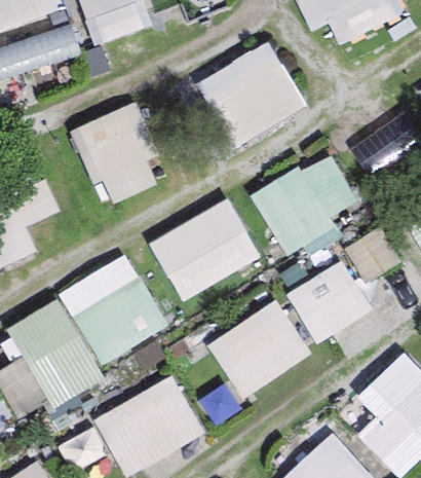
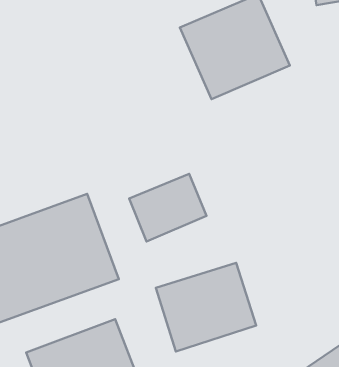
building: [72,104,168,208] -> none
building: [253,151,361,251] -> none
building: [285,259,372,343] -> none

